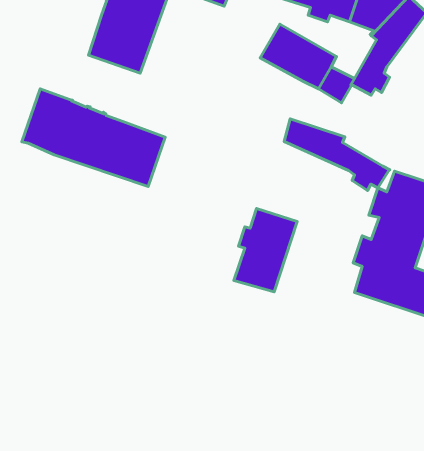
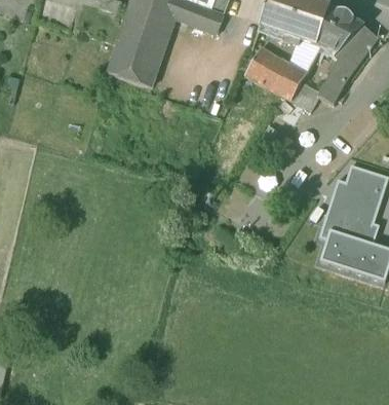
building: [22,89,165,186] -> none
building: [284,119,390,190] -> none
building: [234,209,297,292] -> none

